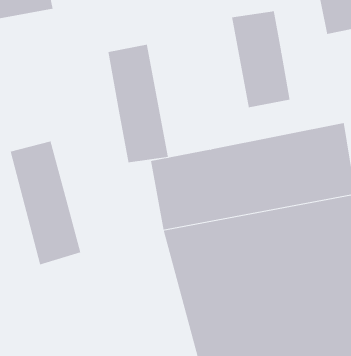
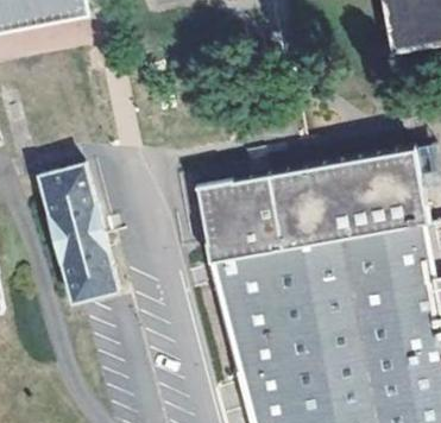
building: [231,10,290,108] -> none
building: [108,44,168,163] -> none

